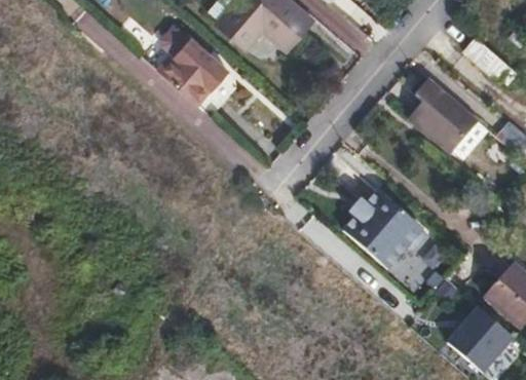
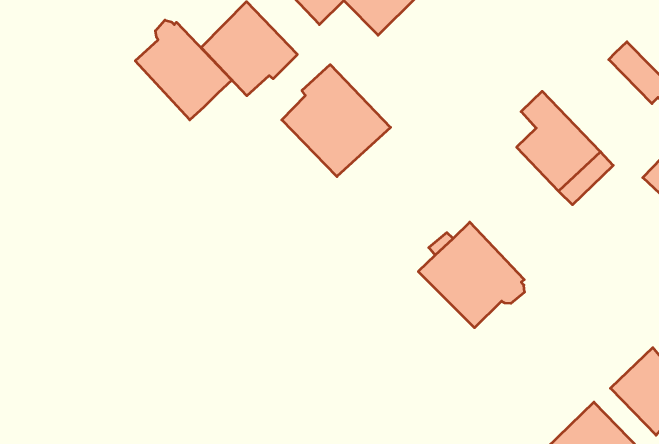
building: none -> [135,20,232,120]
building: none -> [282,65,391,177]

